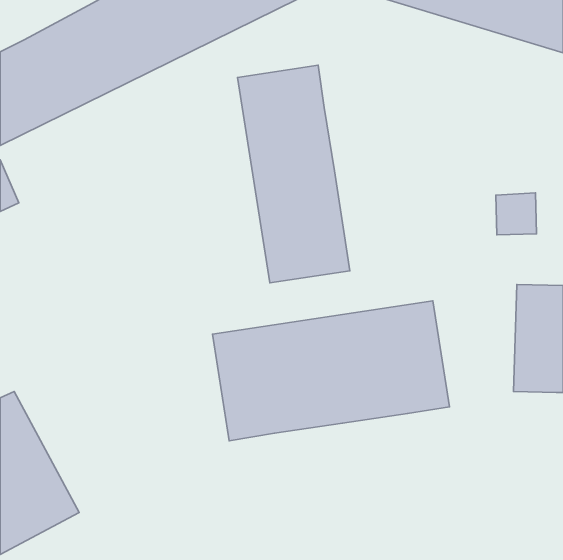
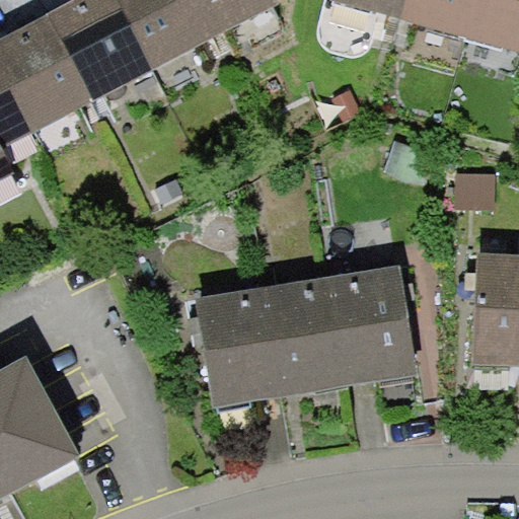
building: [238,65,350,283] -> none

